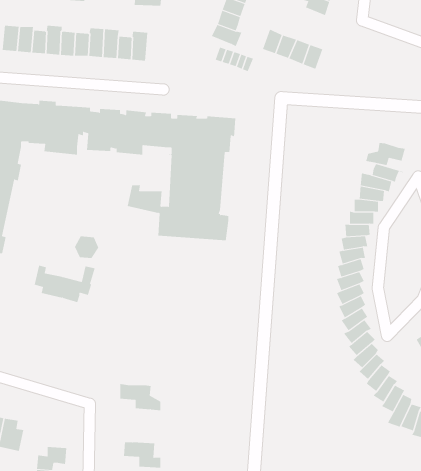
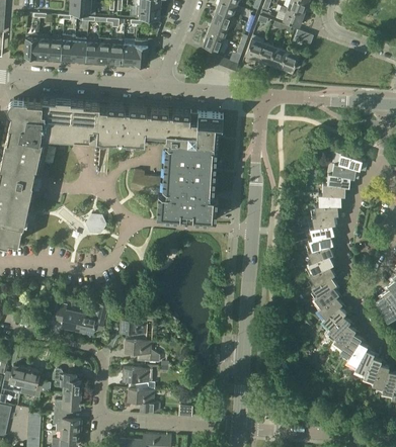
building: [365,142,406,166] -> none
building: [34,265,96,303] -> [55,305,107,338]
building: none -> [120,321,147,343]
building: none -> [123,370,155,392]
building: none -> [53,372,81,396]

